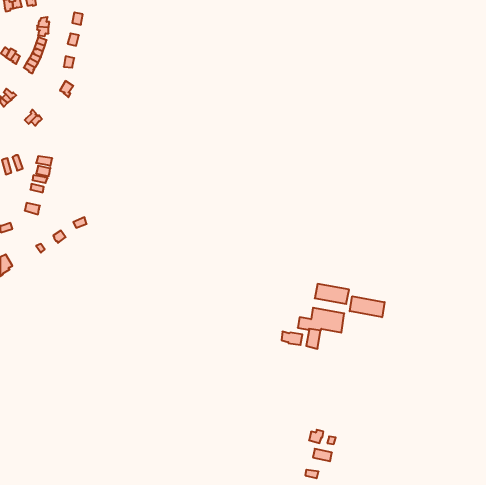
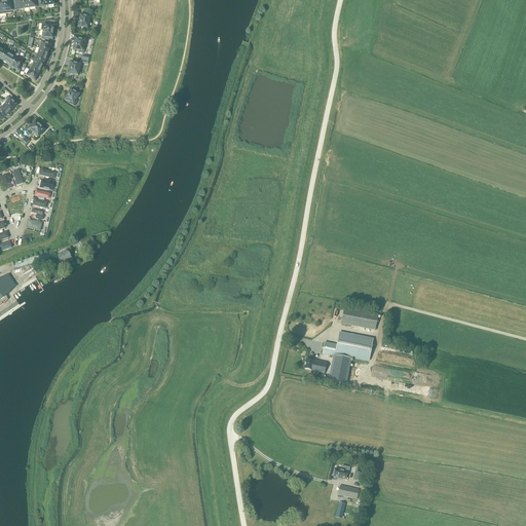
building: [350,296,385,317] -> none

